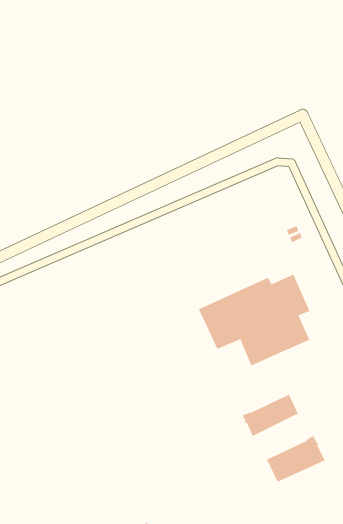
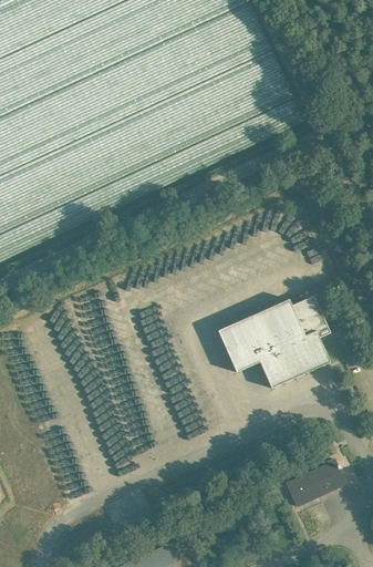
building: [242,394,299,437] -> none

